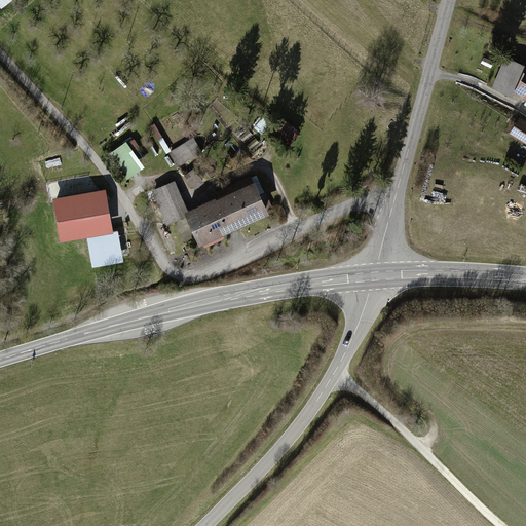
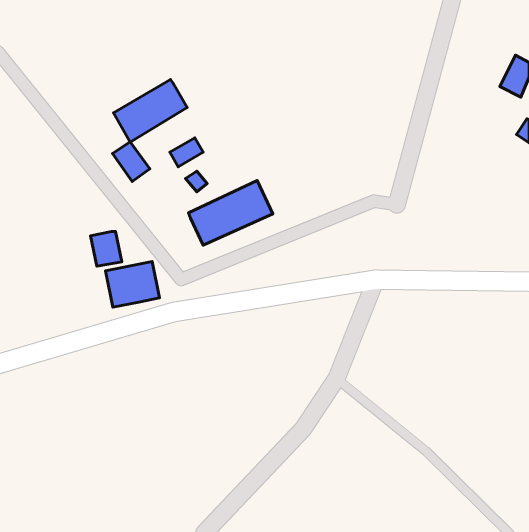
building: none -> [113,80,187,142]
building: [150,182,188,226] -> none
building: [57,193,110,238] -> [105,261,160,307]

